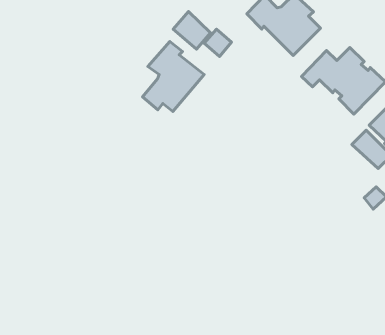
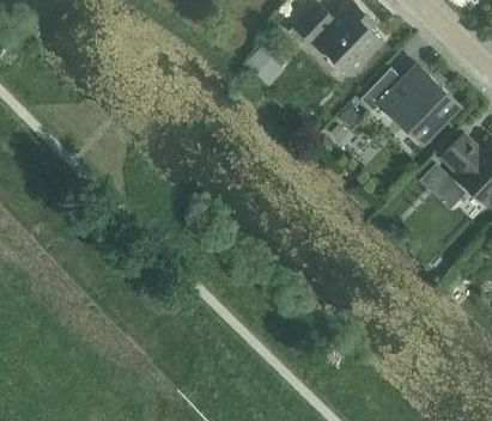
building: [173,12,211,49] -> none
building: [143,41,204,112] -> none

